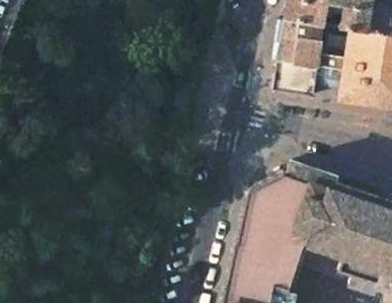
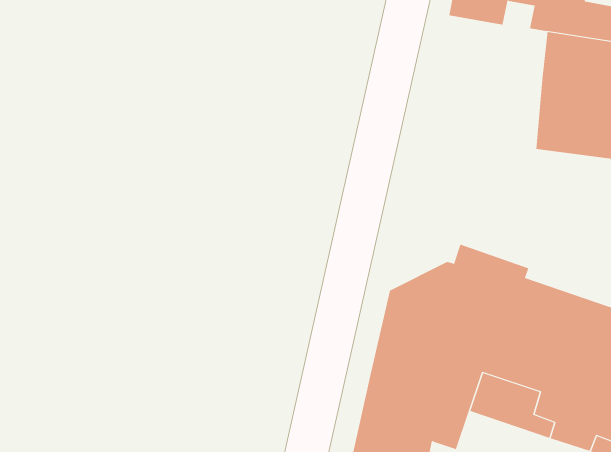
building: [273,18,344,98] -> none

